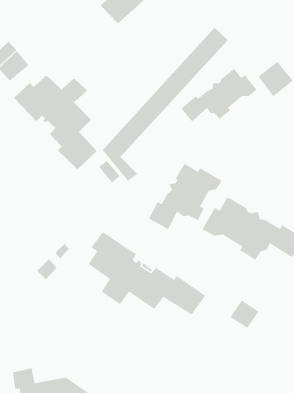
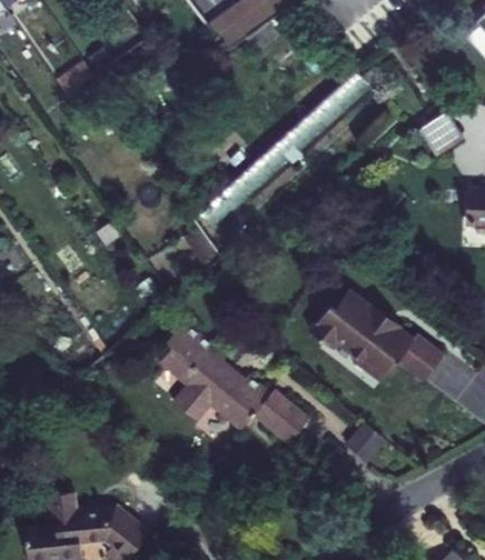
building: [180,68,258,122] -> none
building: [13,75,98,170] -> none
building: [148,163,222,230] -> none

